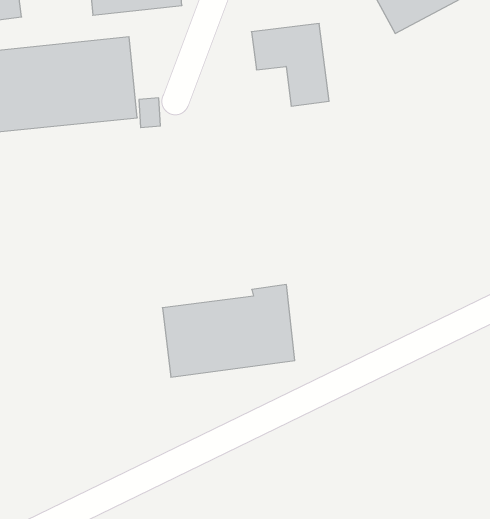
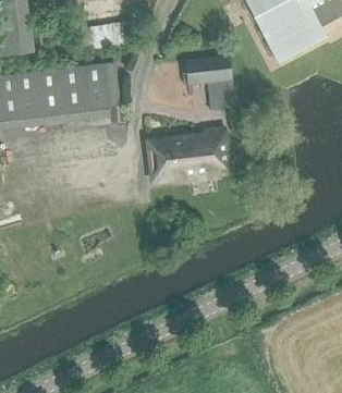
building: [162,285,295,377] -> [145,124,232,185]

